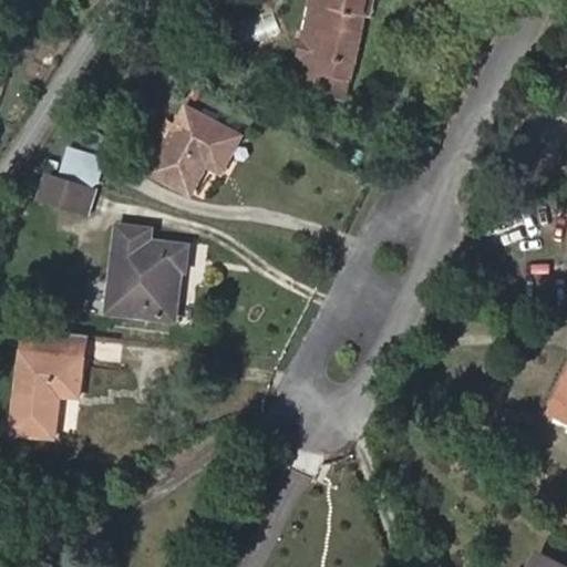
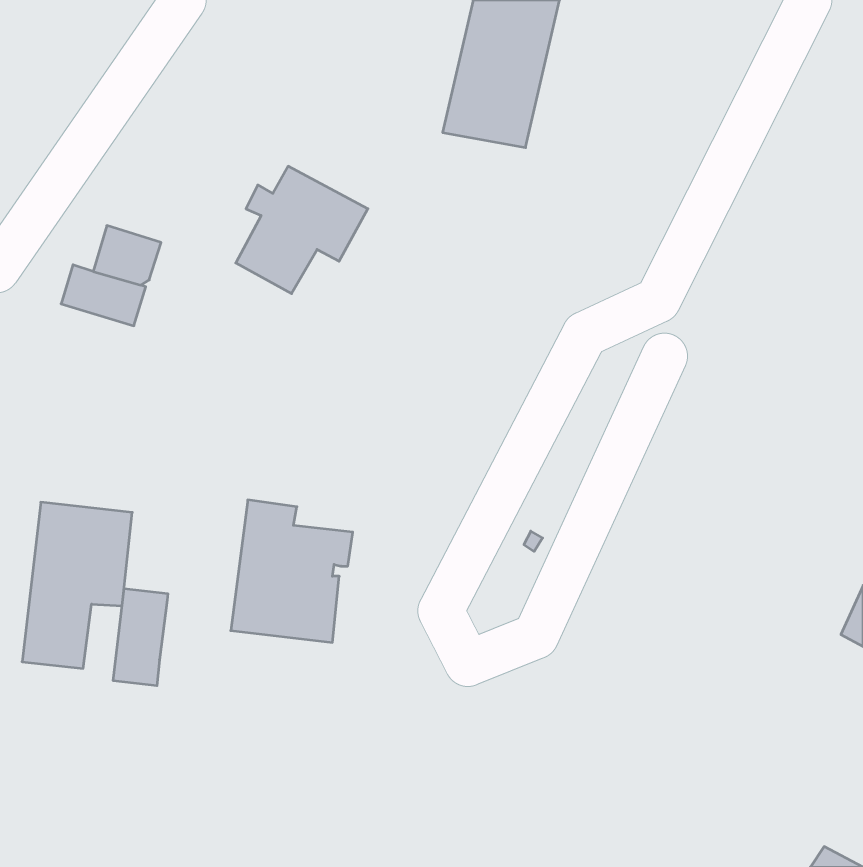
building: [109,226,188,319] -> [231,500,353,642]
building: none -> [113,589,168,686]

